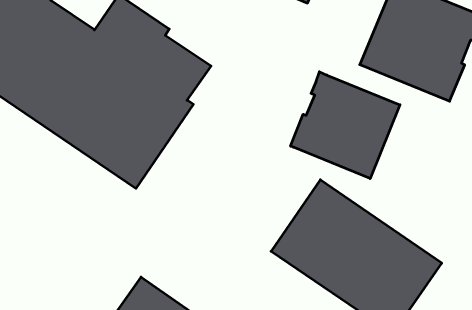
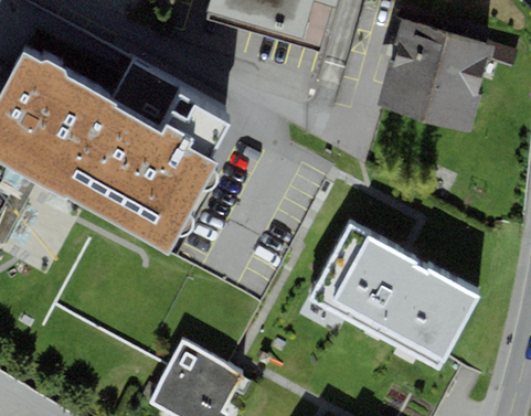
building: [291,72,400,179] -> none

